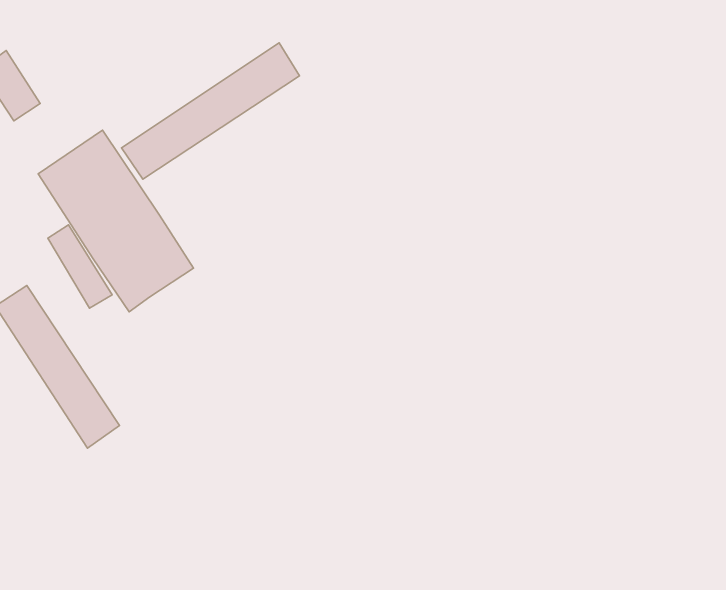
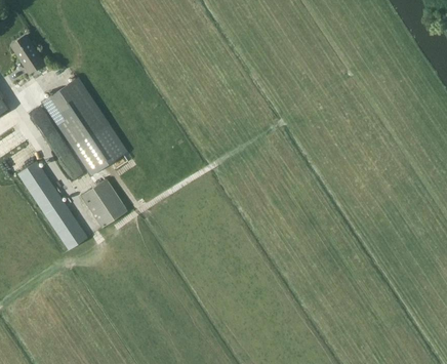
building: [122,43,299,179] -> none
building: none -> [81,179,127,229]

